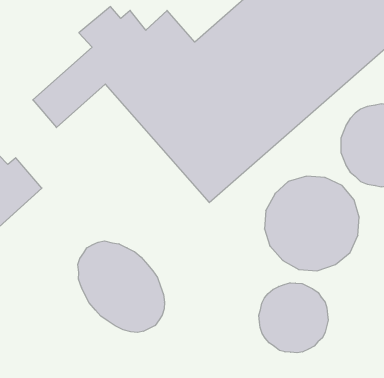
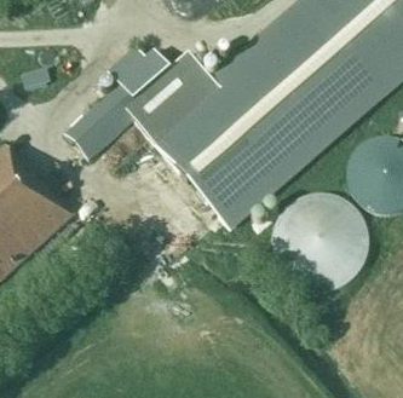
building: [78,241,164,332] -> none
building: [259,283,328,353] -> none

